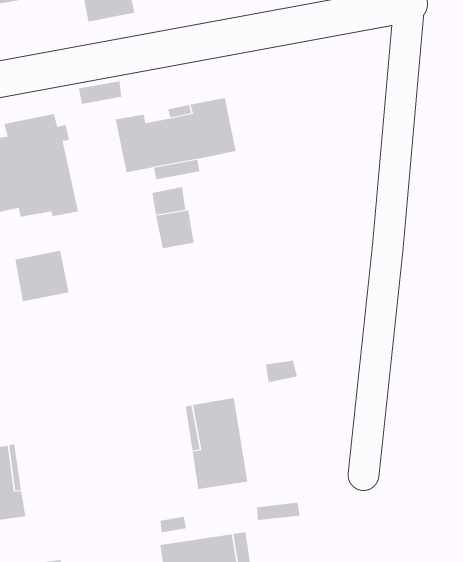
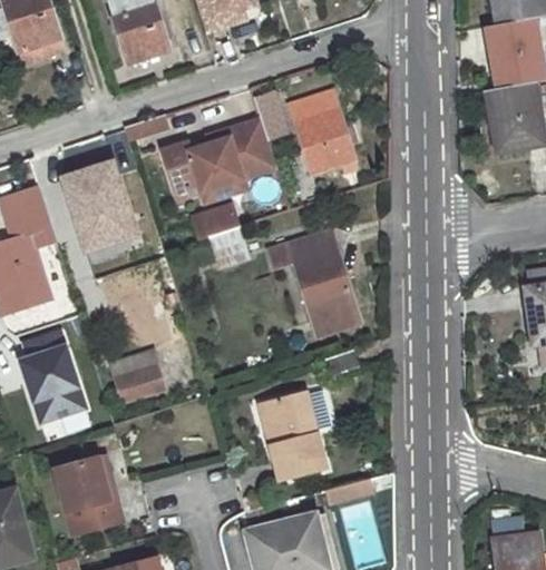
building: none -> [290,91,358,173]
building: none -> [269,232,359,335]
building: [15,250,69,302] -> [111,351,165,402]

